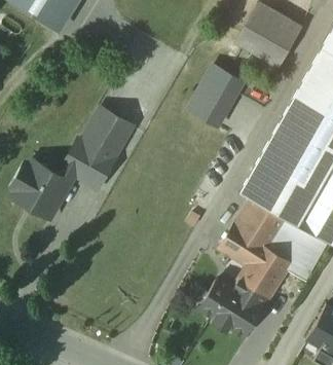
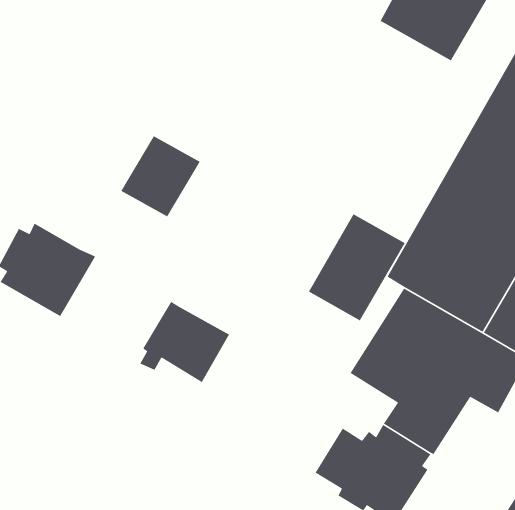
building: [185,63,243,126] -> [308,213,406,322]
building: [60,140,113,188] -> [139,301,230,383]

